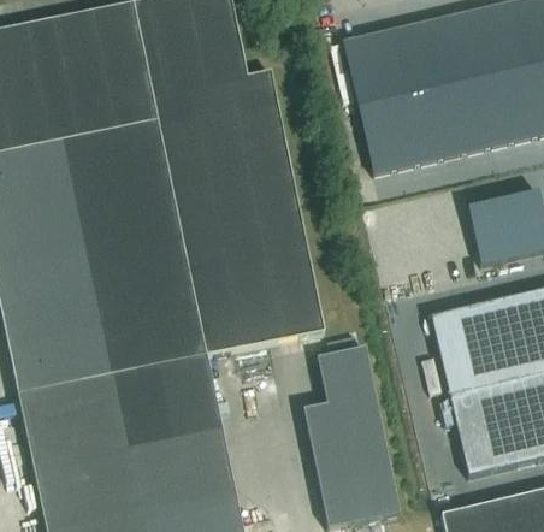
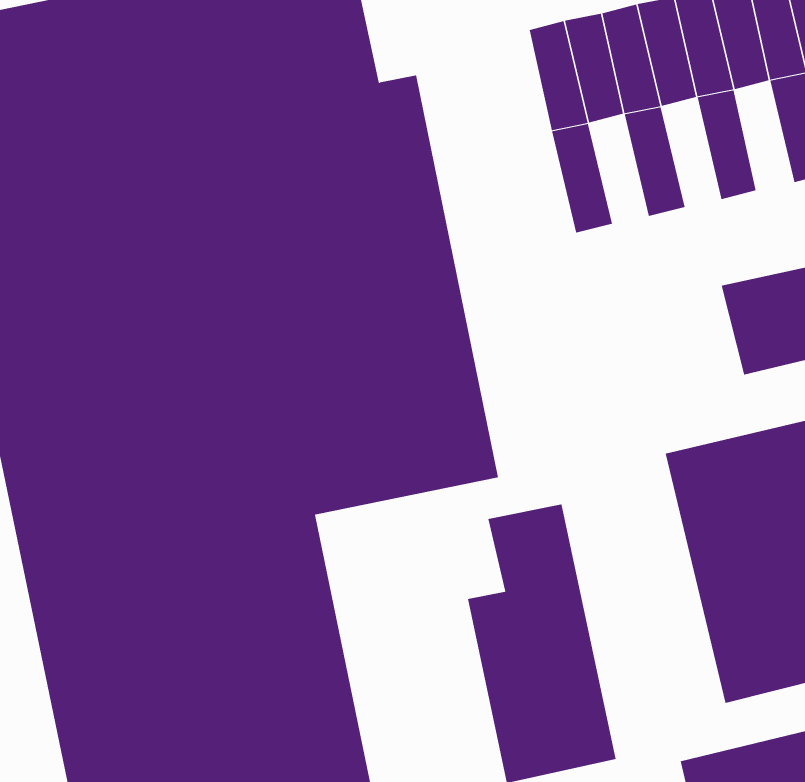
building: [475,73,514,144] -> none
building: [428,84,467,155] -> none
building: [382,95,420,166] -> none

